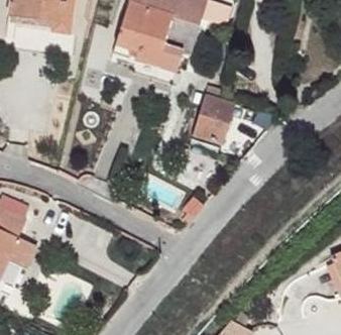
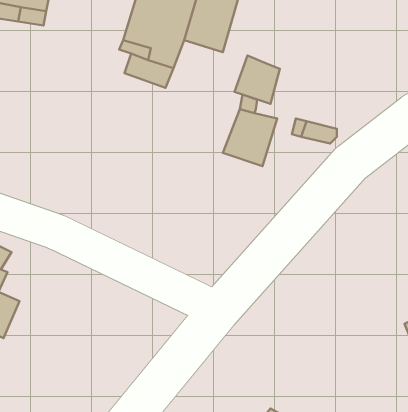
building: none -> [234,56,280,104]

